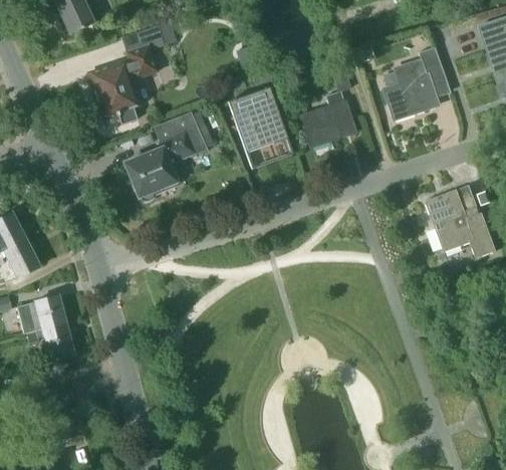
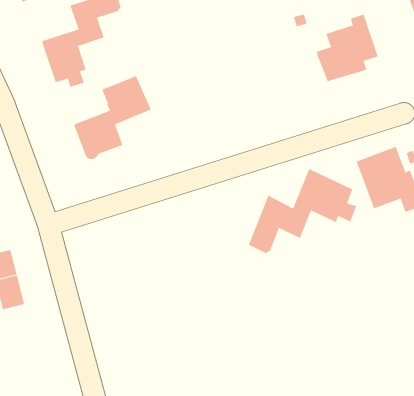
building: [301,65,354,145] -> none
building: [227,87,292,169] -> none
building: none -> [248,168,357,254]

